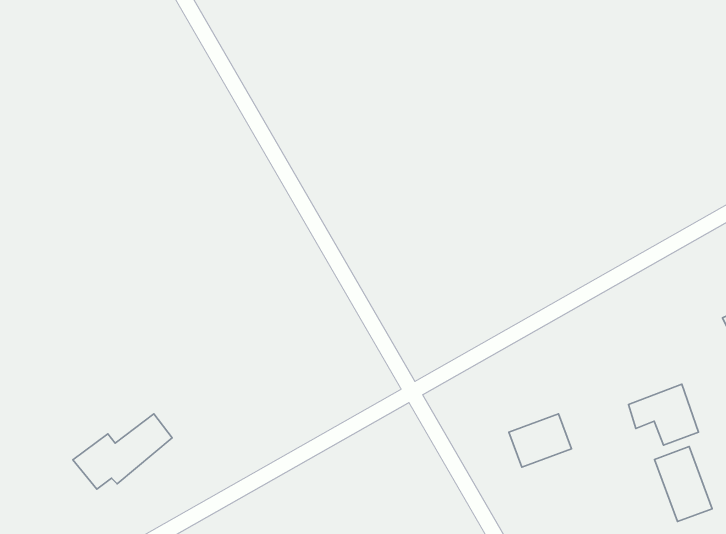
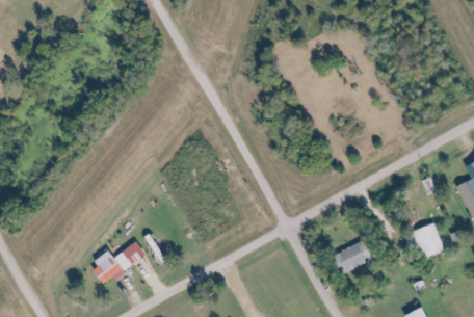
building: [654,447,712,522] -> none

